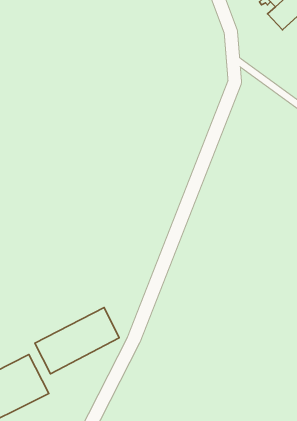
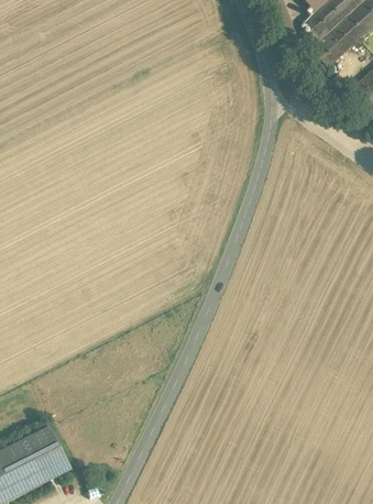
building: [35,308,119,374] -> none

